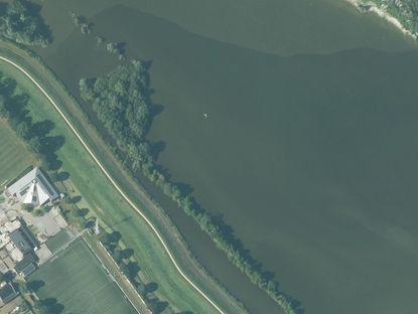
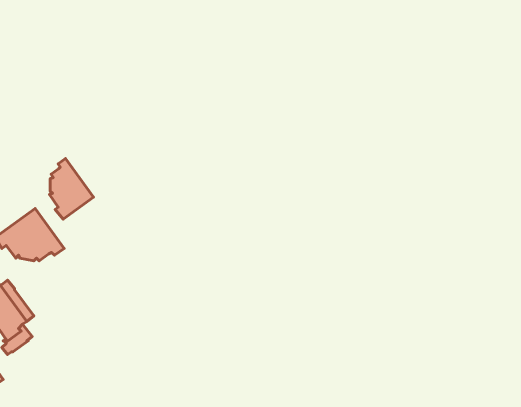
building: none -> [50,158,94,219]

